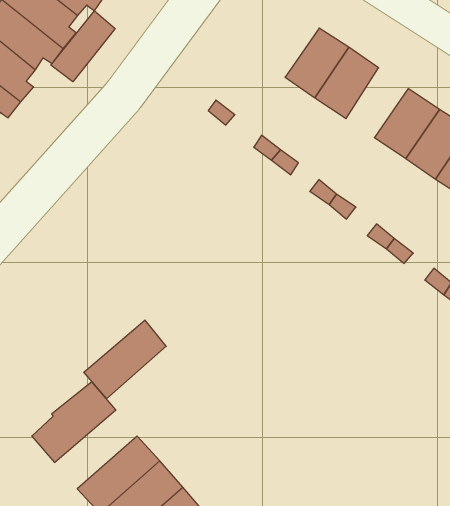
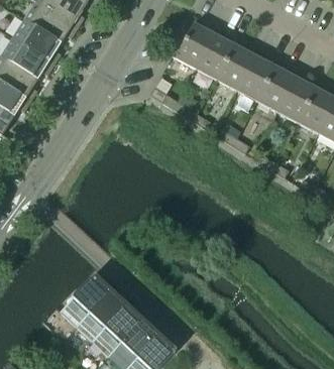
building: none -> [175,22,214,67]
building: [51,11,115,82] -> none
building: none -> [237,54,274,99]
building: [84,320,166,399] -> [76,288,126,341]

